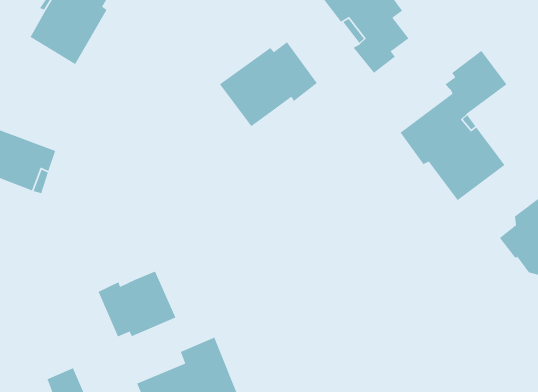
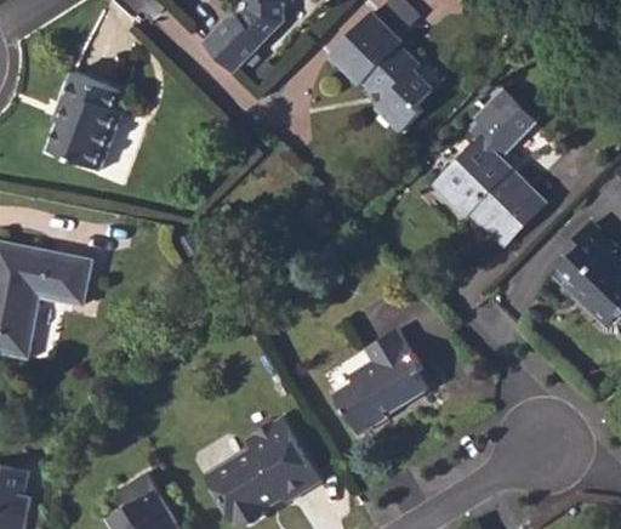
building: [219,41,318,127] -> none
building: none -> [334,329,427,436]
building: [97,270,177,338] -> none

